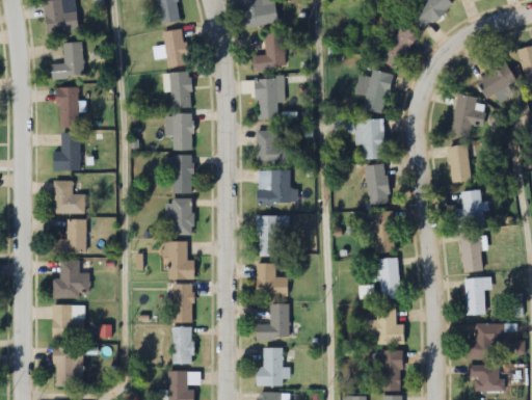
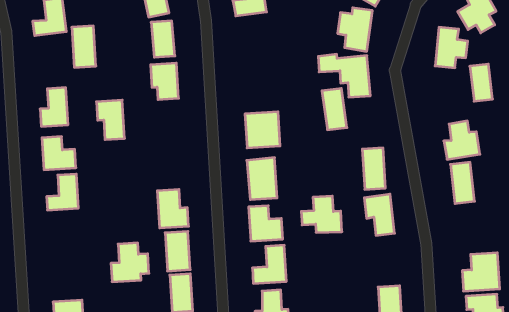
building: [256,78,285,118] -> none
building: [56,87,78,128] -> [72,26,96,67]
building: [257,130,288,164] -> none
building: [449,145,470,182] -> [470,64,493,101]
building: [166,155,192,193] -> [96,100,125,140]
building: [366,164,389,205] -> [322,88,347,130]
building: [166,199,193,235] -> none
building: [52,261,89,298] -> [111,243,149,282]
building: [464,278,490,315] -> none
building: [52,305,84,338] -> none
building: [364,309,403,345] -> [301,196,342,232]

